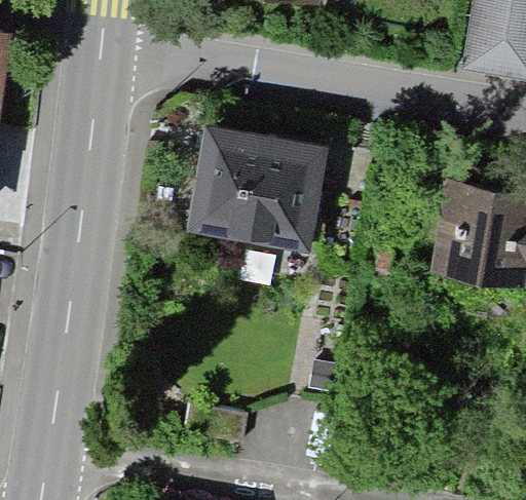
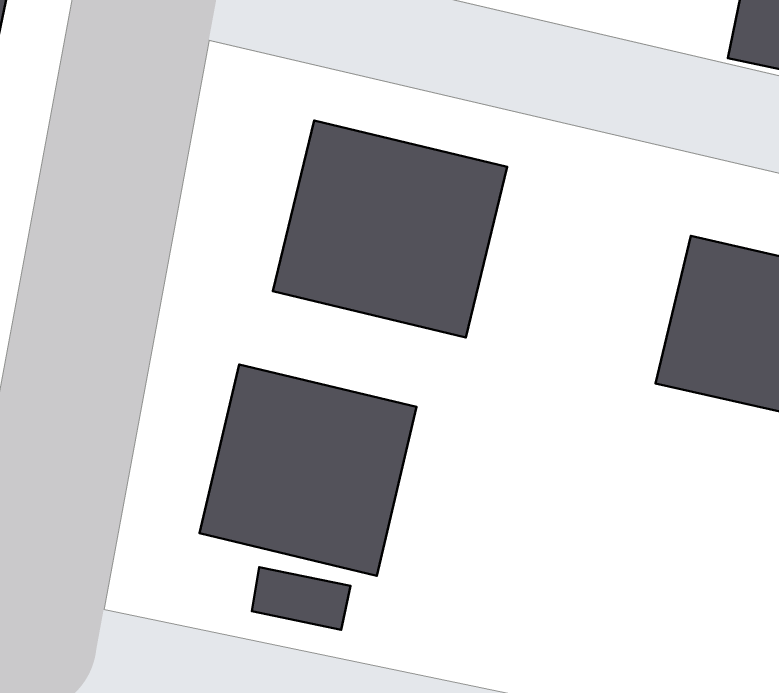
building: none -> [200,364,417,576]

